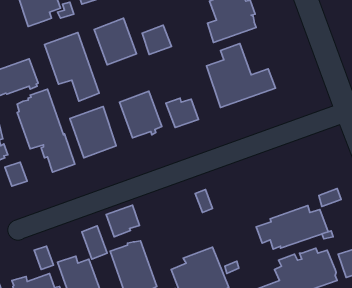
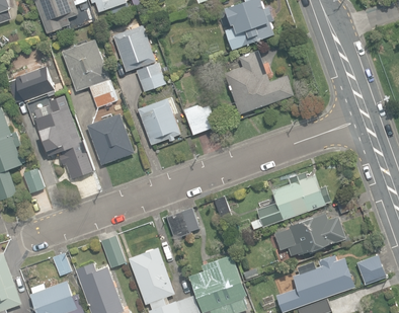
building: [142,25,171,54] -> [136,63,165,92]
building: none -> [249,172,330,230]
building: [106,205,140,237] -> [165,208,198,239]

